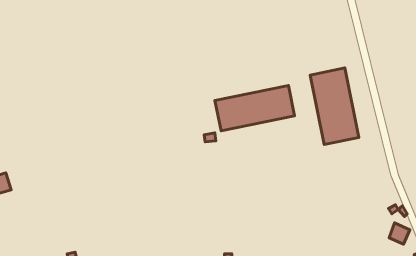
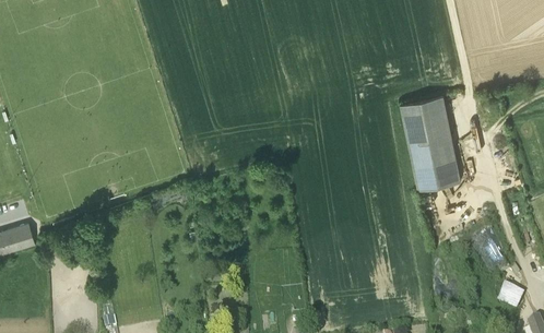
building: [215,85,295,131] -> none

